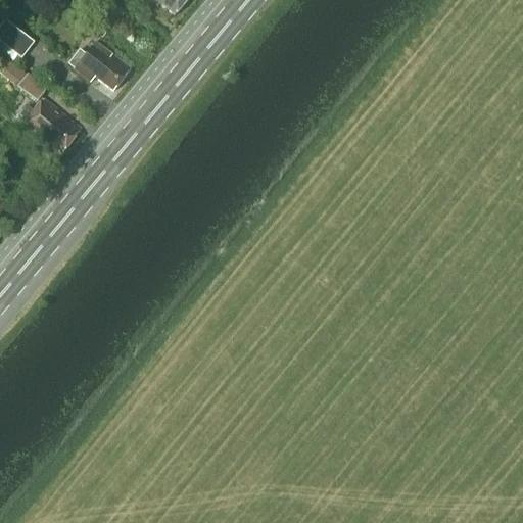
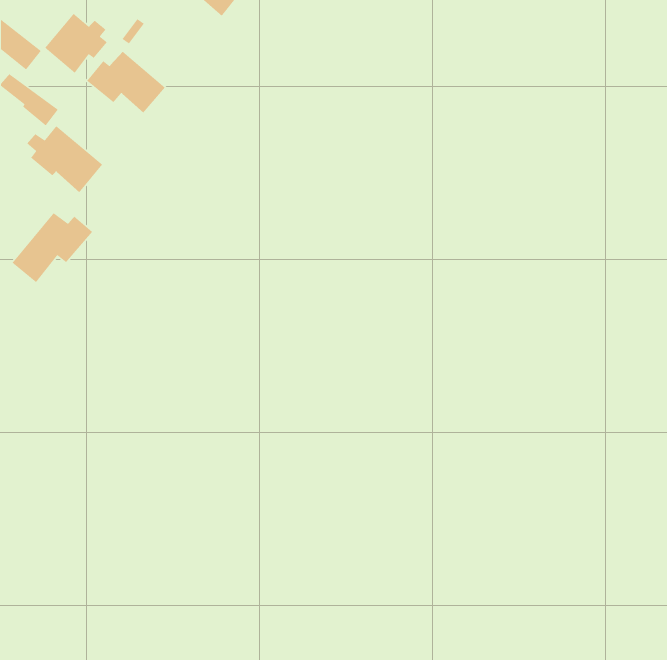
building: none -> [44,13,108,74]
building: none -> [12,212,93,283]

